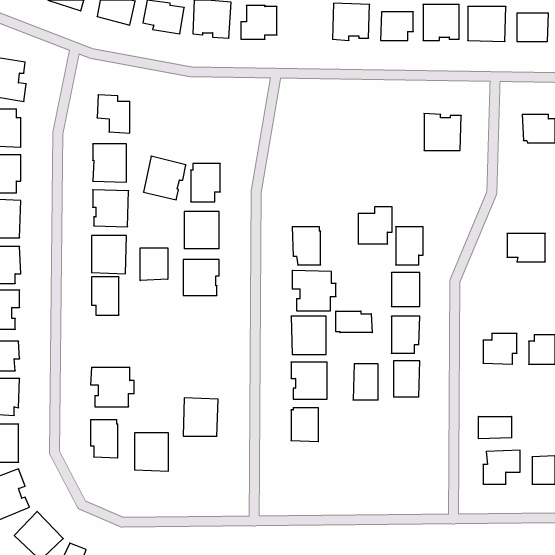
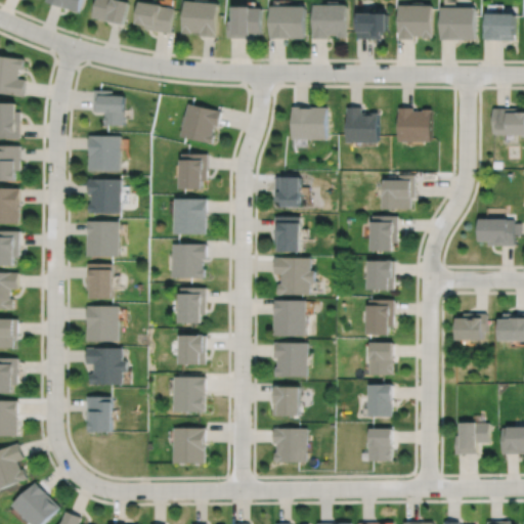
building: none -> [269,6,304,39]
building: none -> [292,108,328,141]
building: none -> [346,108,379,144]
building: [143,156,186,200] -> [180,104,220,145]
building: none -> [274,178,301,209]
building: [358,207,392,244] -> [383,176,414,211]
building: [140,248,168,281] -> none
building: none -> [179,287,206,322]
building: [336,311,372,333] -> none
building: none -> [86,305,118,341]
building: none -> [179,334,205,364]
building: [353,364,378,400] -> [368,383,392,417]
building: [478,416,512,439] -> none
building: [135,433,168,471] -> [172,428,204,464]
building: none -> [273,428,306,462]
building: none -> [369,428,393,462]

